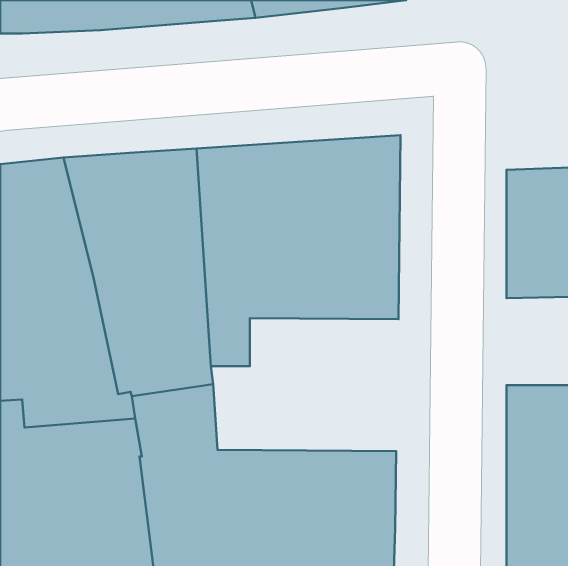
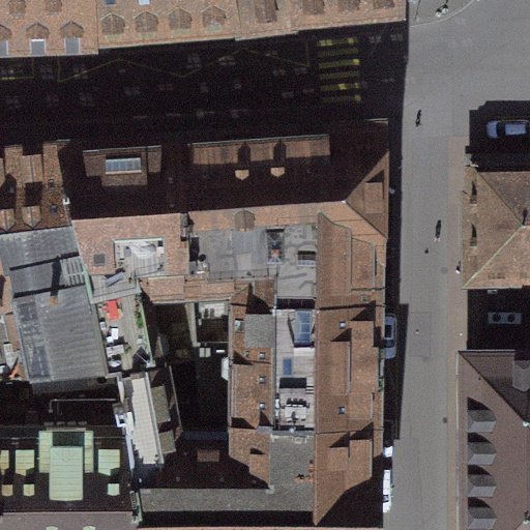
building: none -> [198,299,372,422]

